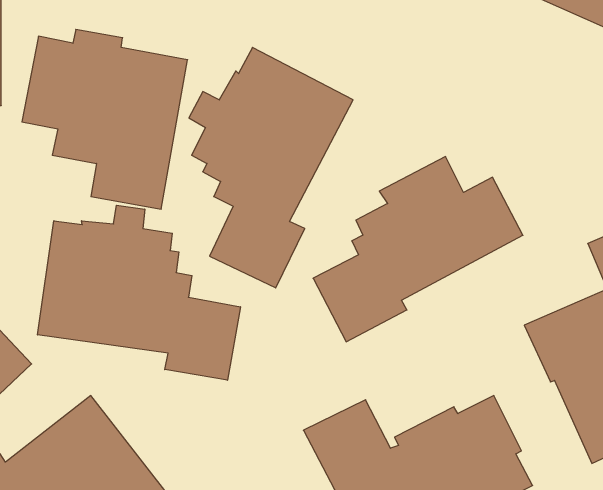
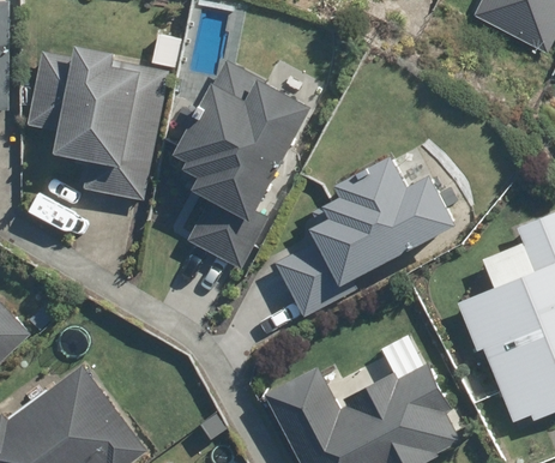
building: [38,205,240,380] -> none

